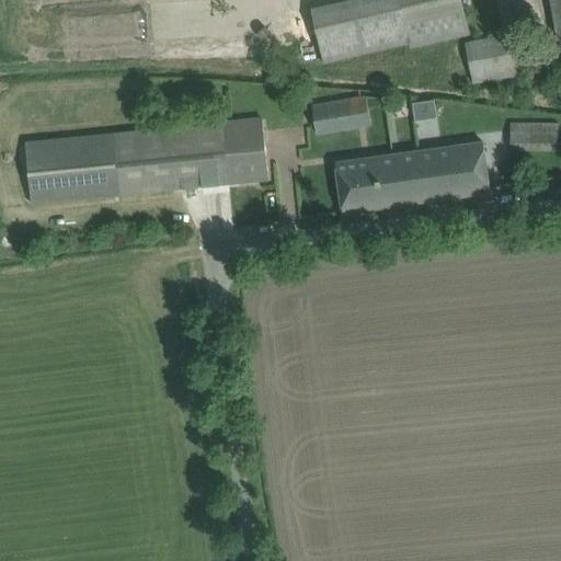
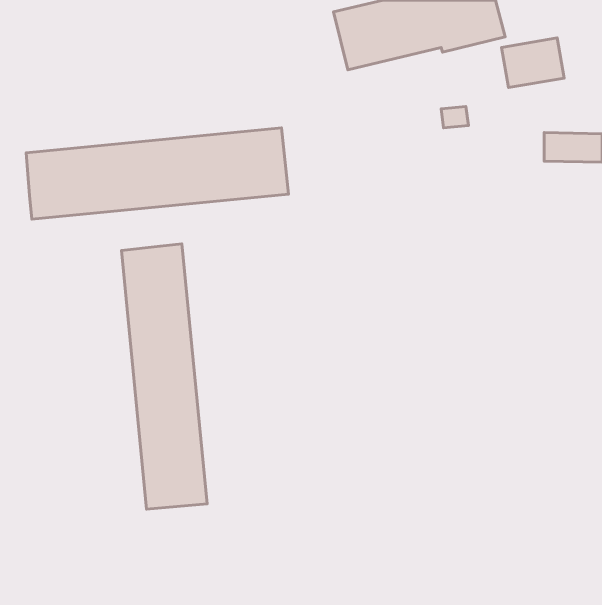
building: [311,96,368,135] -> none
building: [335,142,489,213] -> none
building: none -> [121,244,207,509]

